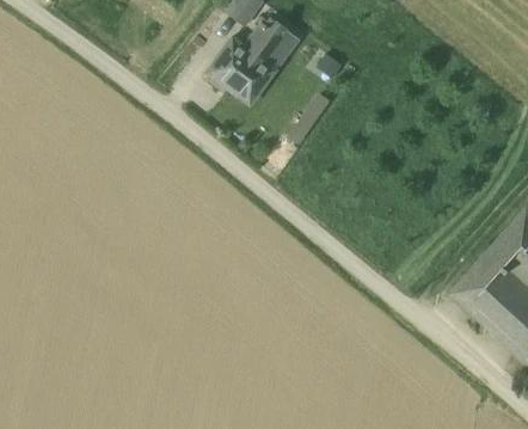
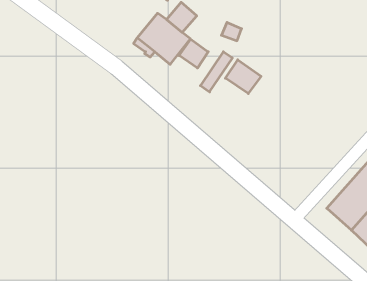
building: none -> [179,39,208,68]
building: none -> [225,60,261,94]

